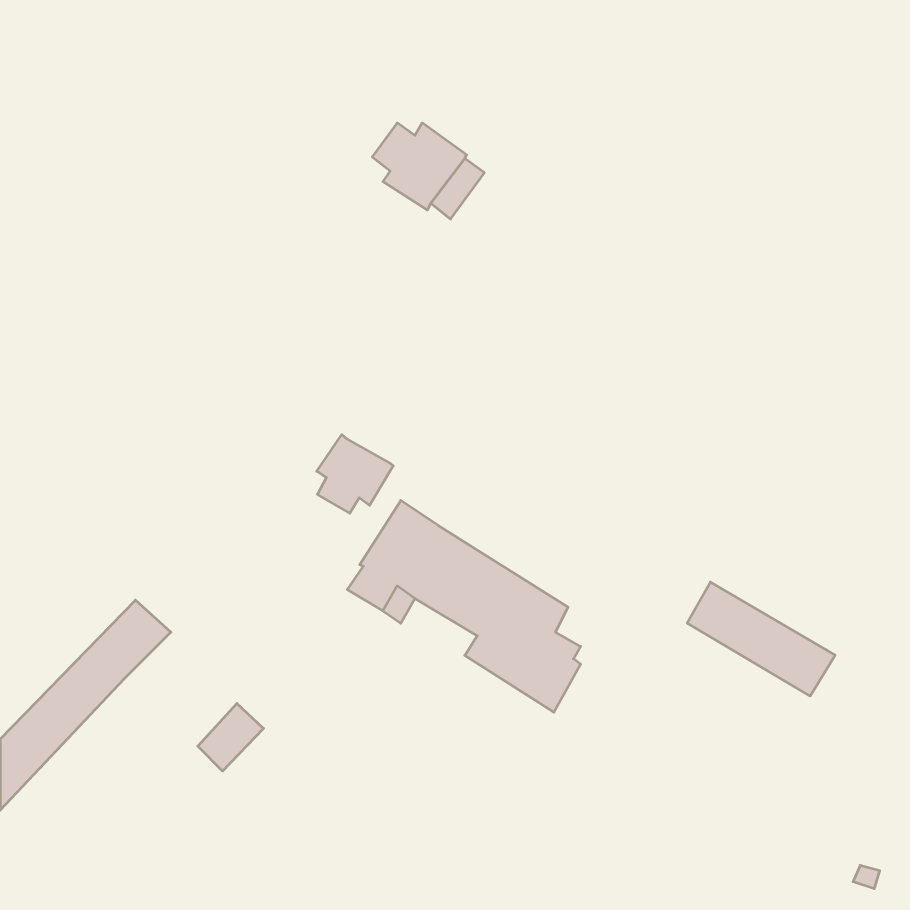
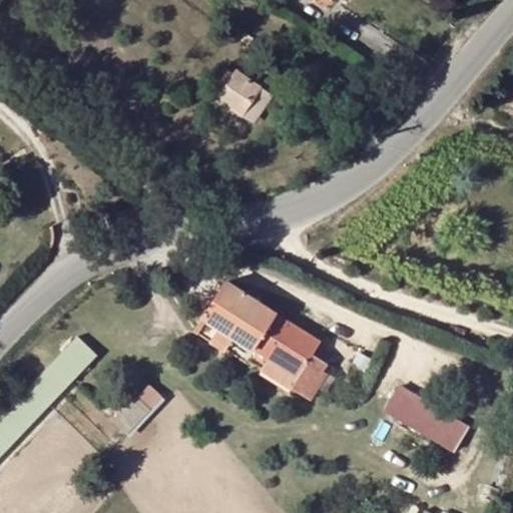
building: [317,435,393,513] -> none
building: [687,582,835,696] -> [383,386,466,450]

